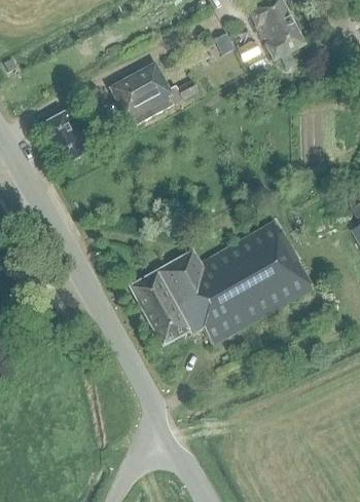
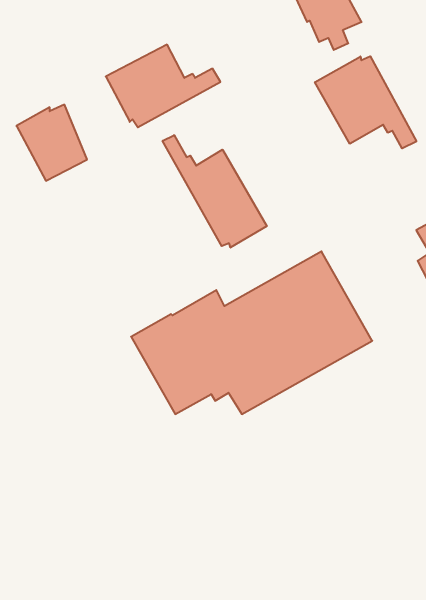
building: none -> [315,56,416,148]
building: none -> [163,135,267,248]

